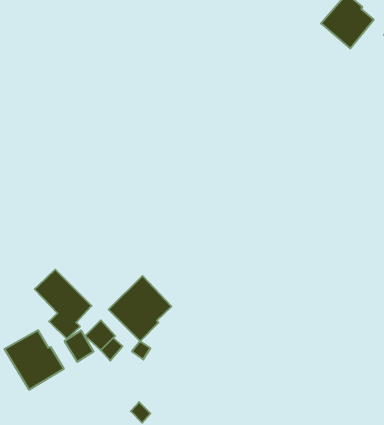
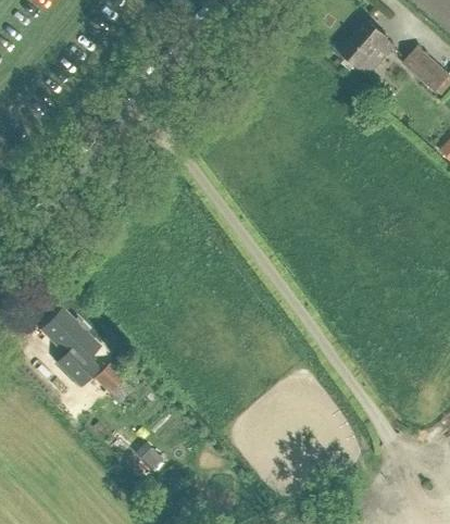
building: [109,276,171,341] -> none
building: [5,330,64,390] -> none

